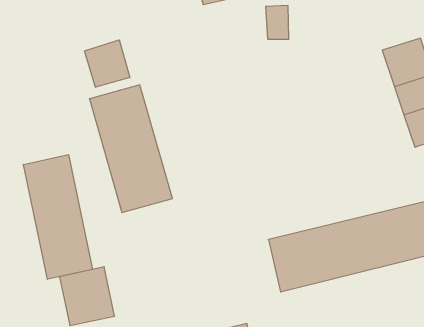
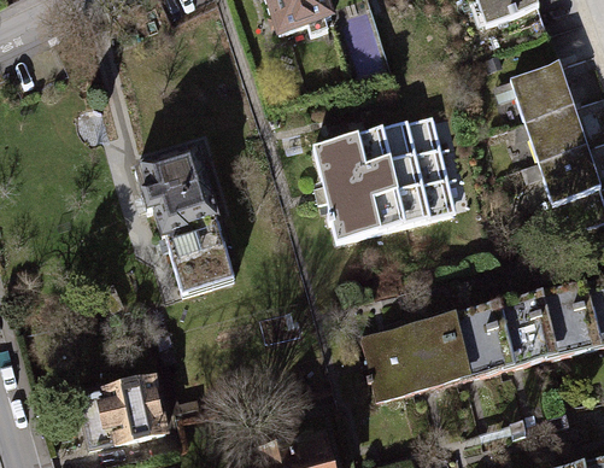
building: [85,40,130,87] -> none
building: none -> [319,118,456,238]
building: [23,155,92,279] -> none

